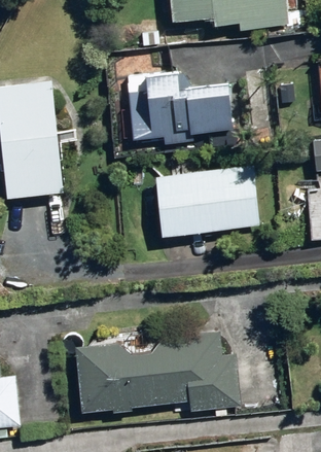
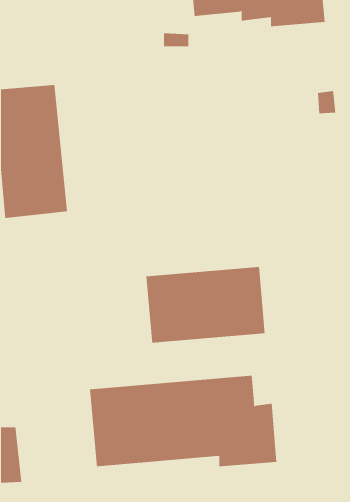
building: [131,71,235,146] -> none
building: [152,167,257,234] -> [146,267,266,343]

